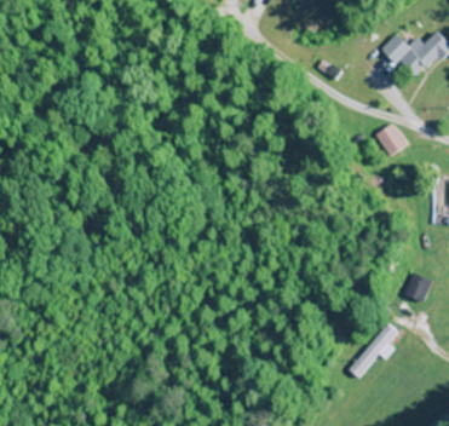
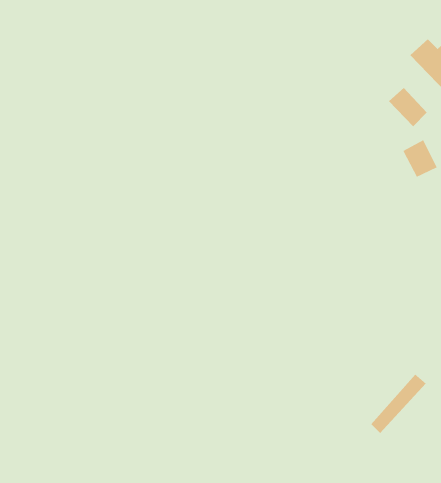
building: none -> [388,87,427,127]

